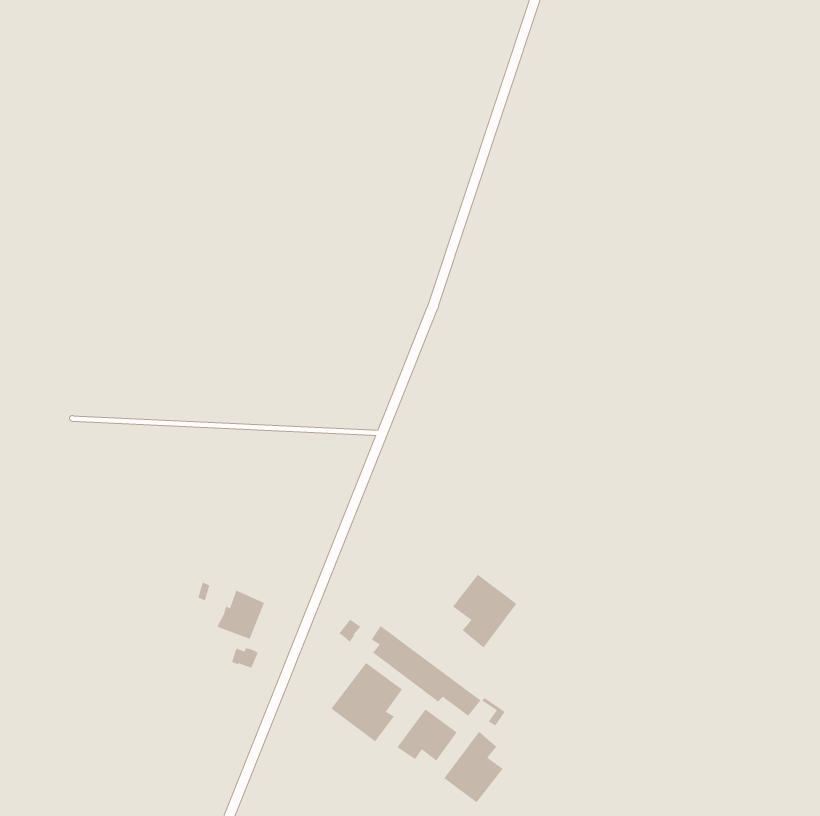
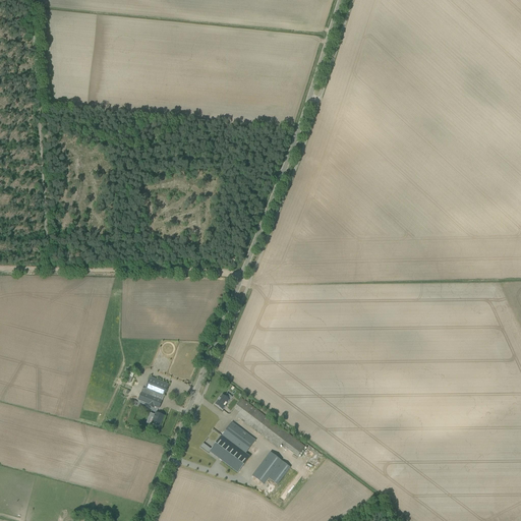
building: [452,574,517,649] -> none
building: [444,731,504,803] -> none

